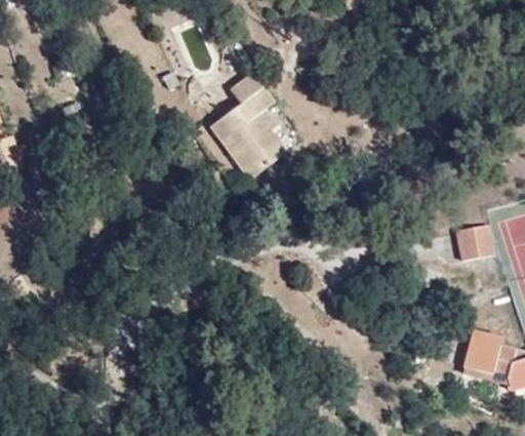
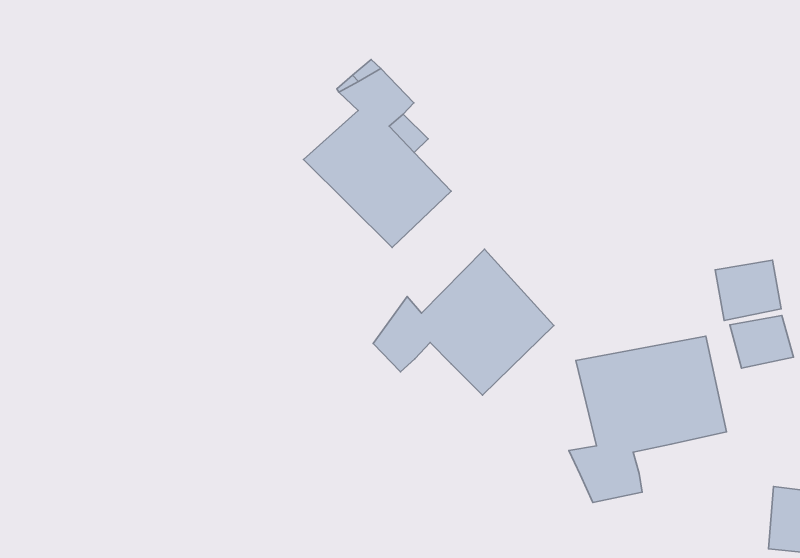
building: none -> [373,249,554,395]
building: none -> [569,336,727,503]

